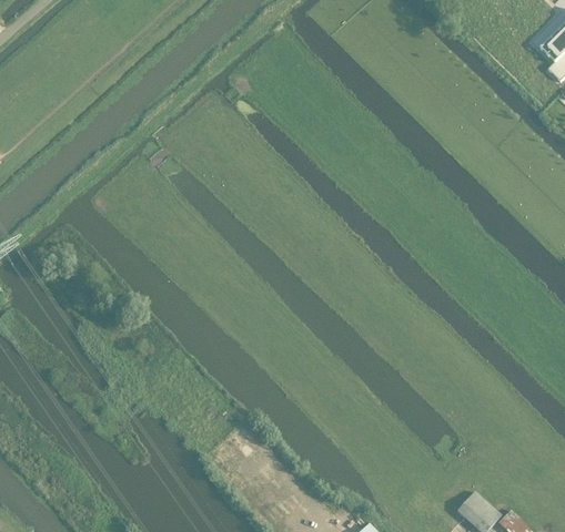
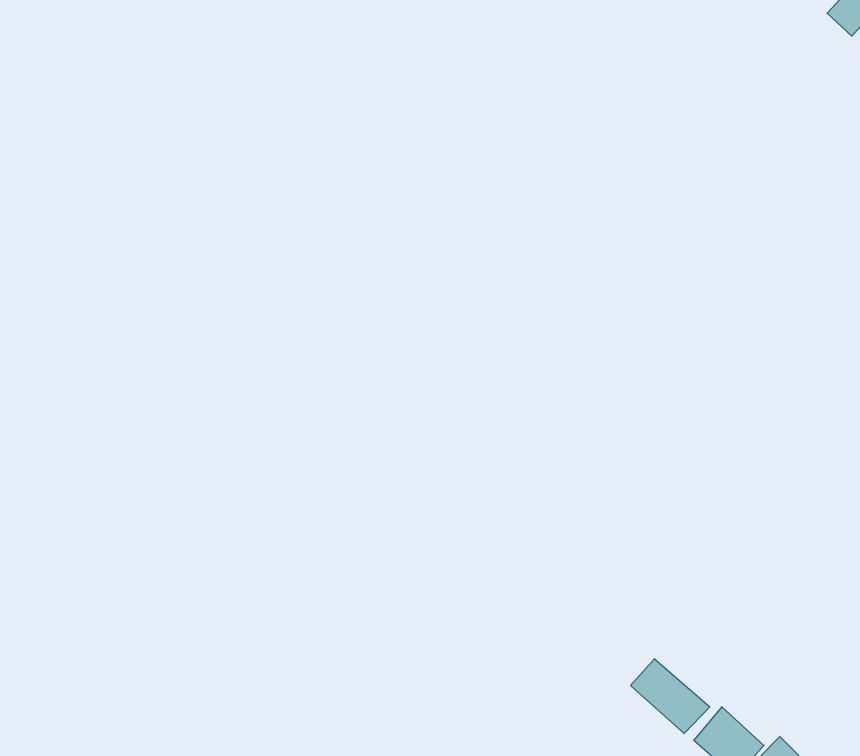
building: none -> [631,659,710,734]

